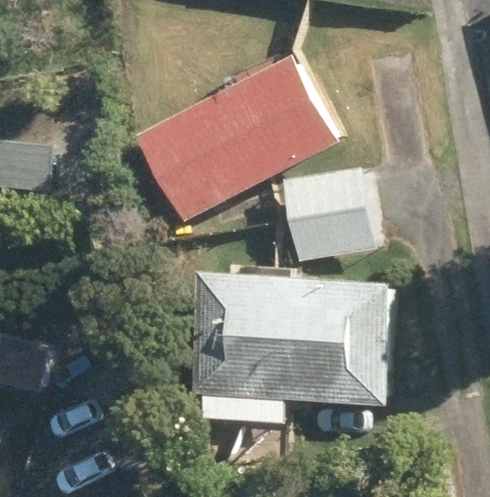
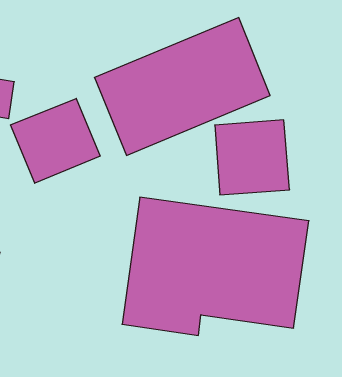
building: none -> [11,98,100,183]

